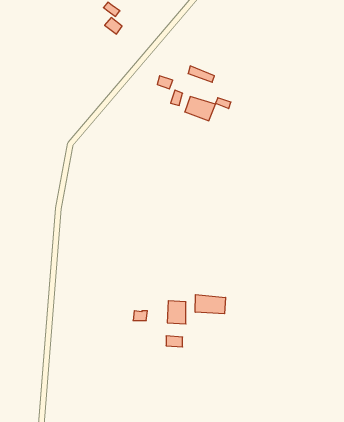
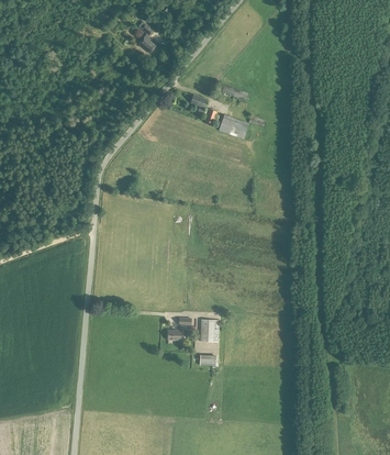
building: [195,295,226,314] -> none

